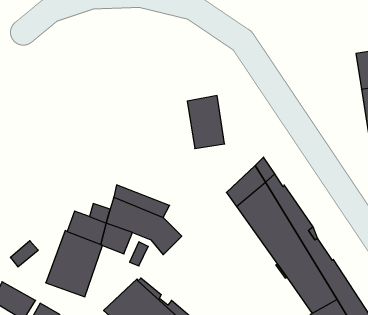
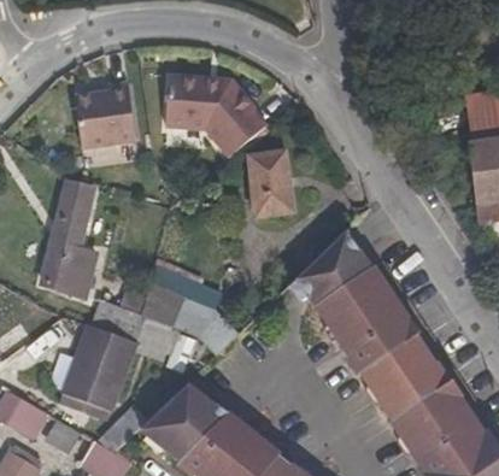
building: none -> [160,64,266,157]
building: none -> [74,84,133,149]
building: none -> [40,177,98,296]

